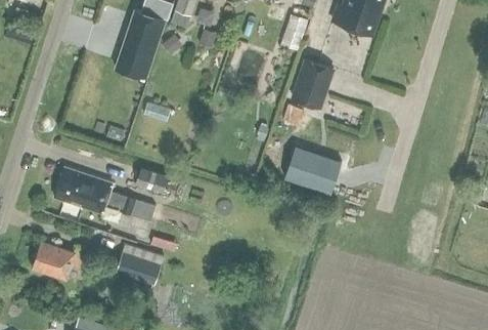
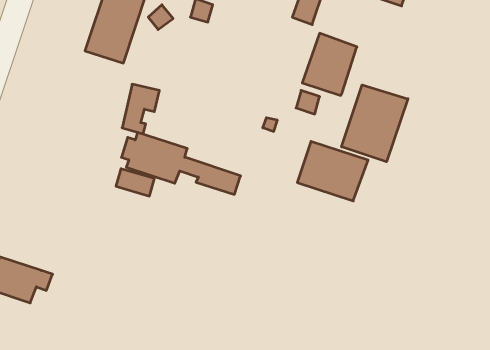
building: none -> [342,85,408,162]
building: [57,170,156,221] -> [121,132,241,194]
building: [116,251,162,285] -> none

